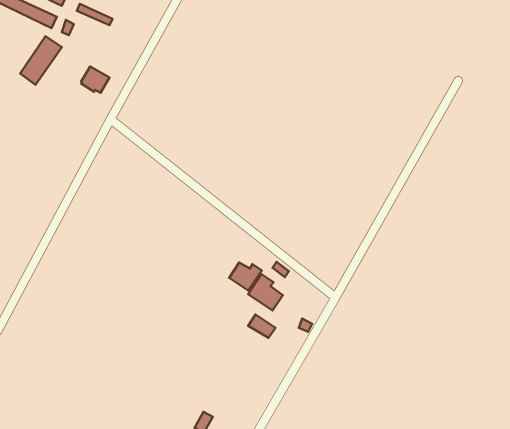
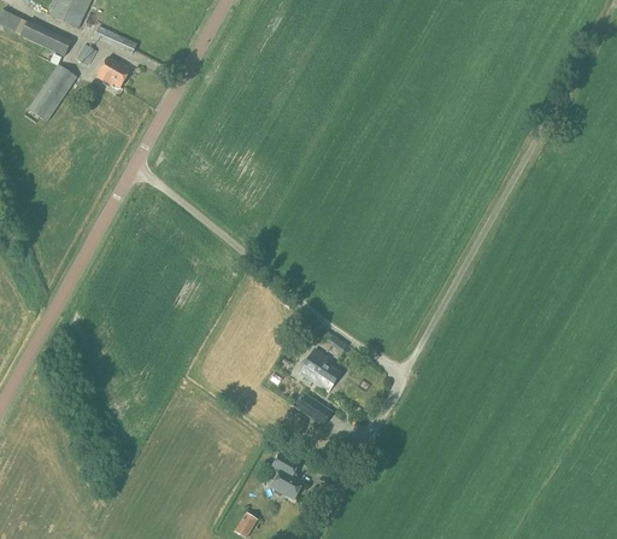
building: [81,66,109,93] -> [96,55,130,87]
building: [229,262,262,291] -> none
building: none -> [271,452,304,498]

